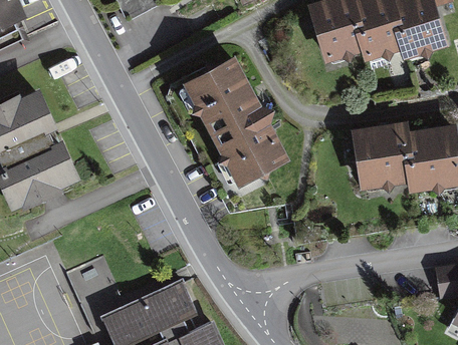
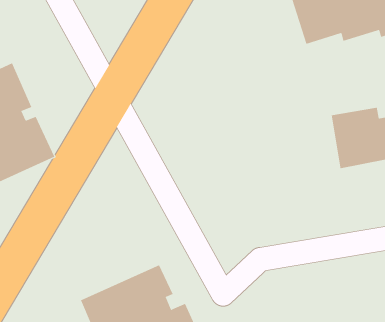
building: [175,52,290,190] -> none

